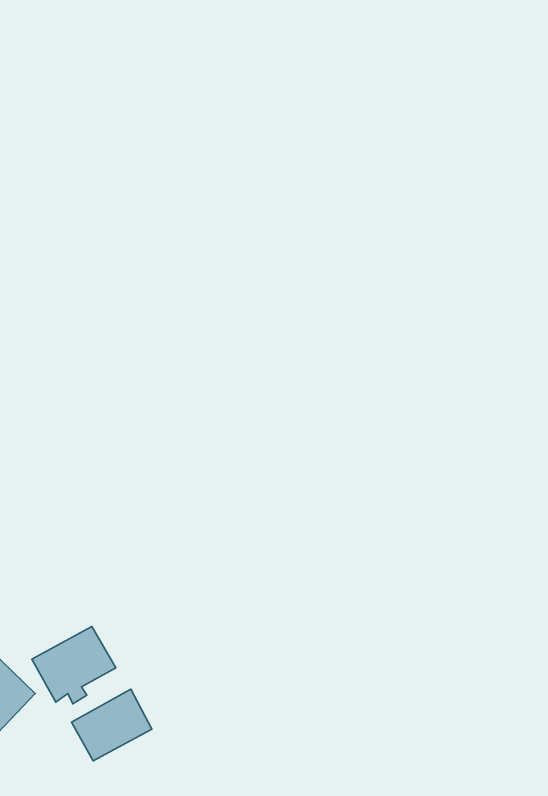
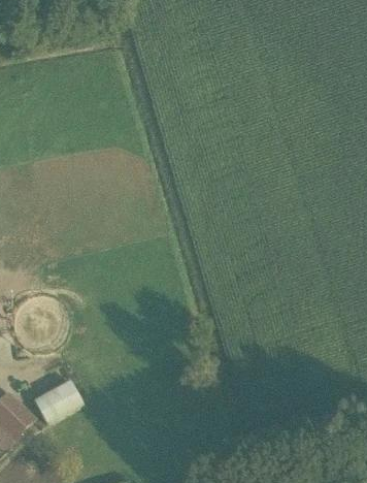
building: [72,689,152,761] -> none

